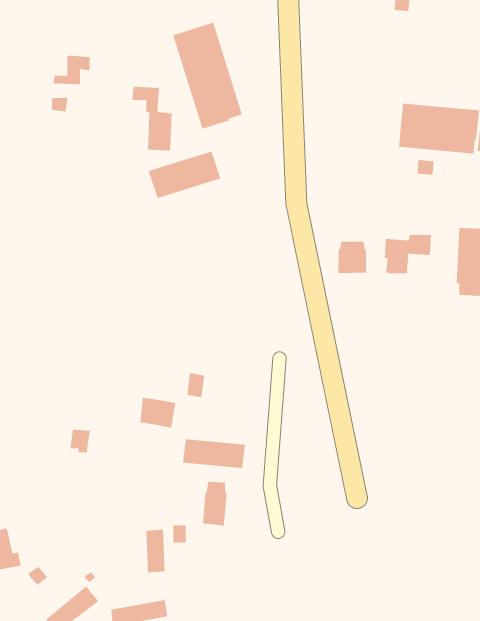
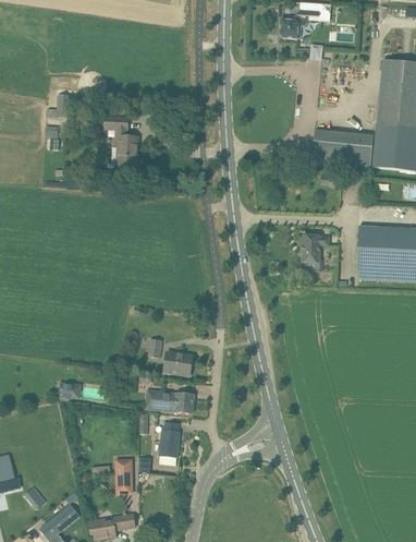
building: [173,22,243,130] -> none
building: [148,151,221,199] -> none
building: [338,241,367,274] -> none
building: [139,397,176,428] -> [164,350,193,374]

